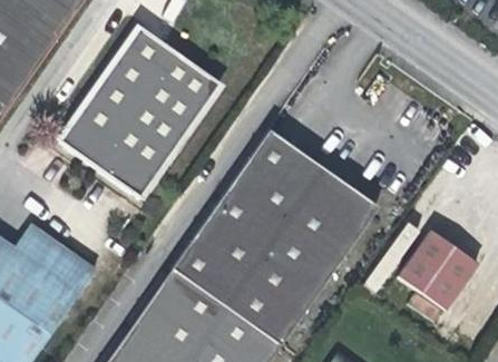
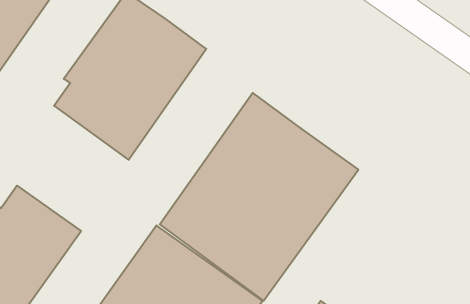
building: [398,227,478,307] -> none

